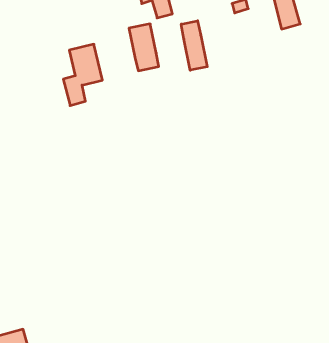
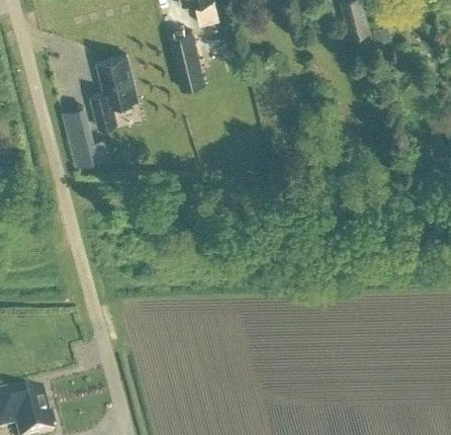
building: [181,21,207,70] -> none
building: none -> [64,100,111,161]

